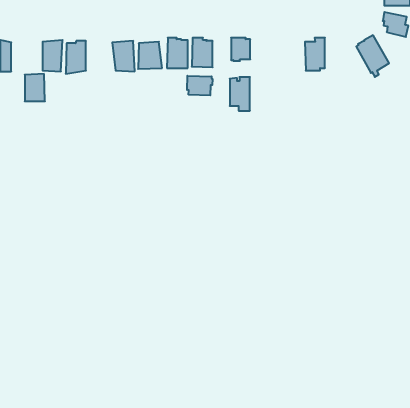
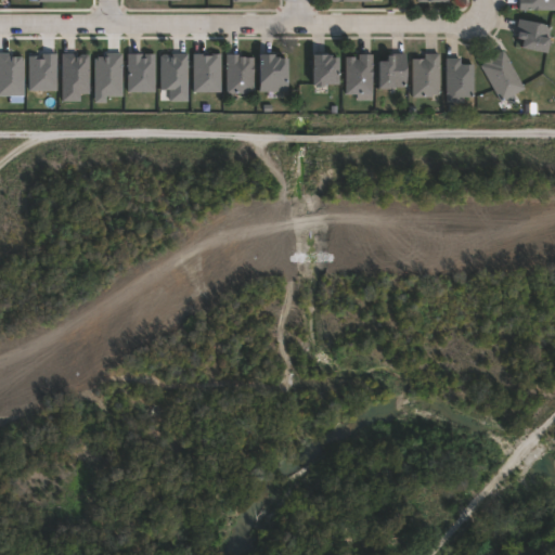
building: none -> [379,51,406,86]
building: none -> [447,55,474,100]
building: none -> [120,56,149,99]
building: [25,74,45,101] -> [23,56,50,93]
building: [187,76,212,95] -> none
building: [230,77,250,111] -> [346,52,373,98]

